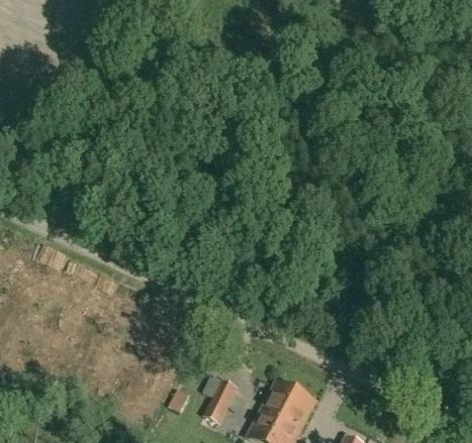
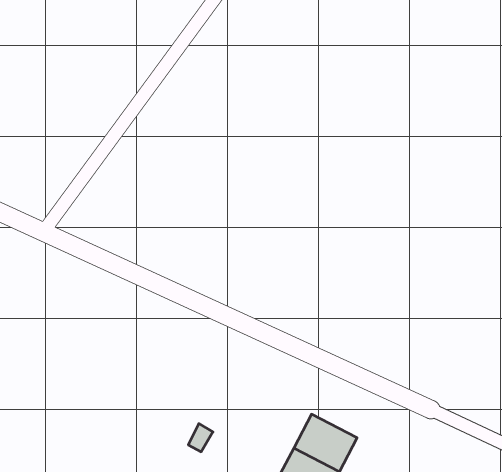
building: [202,376,239,422] -> none

